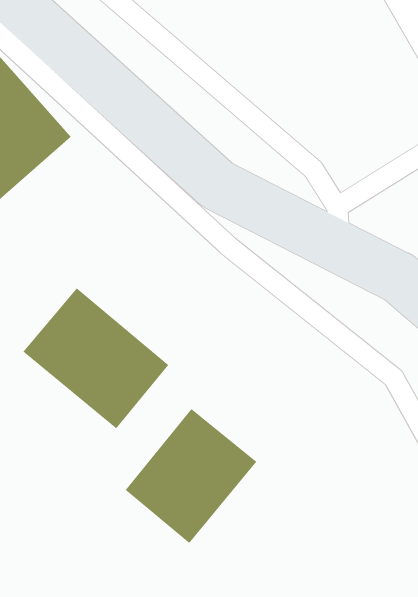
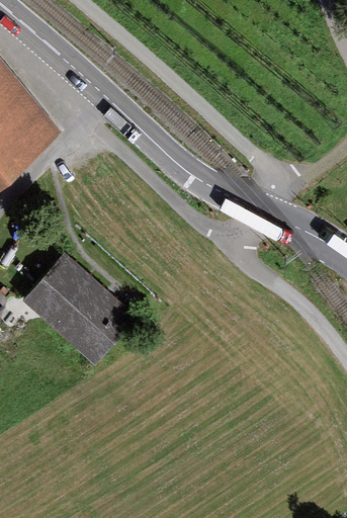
building: [125,408,257,544] -> none

